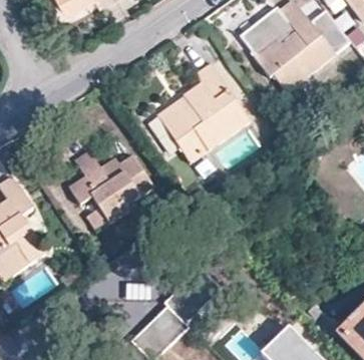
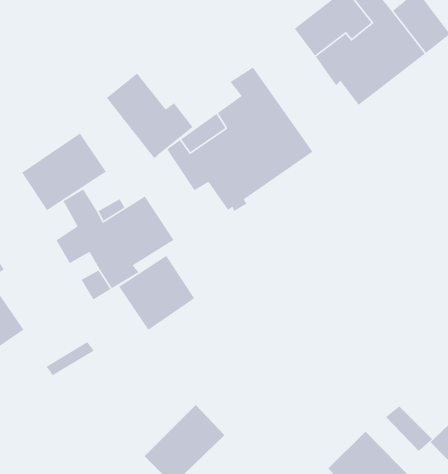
building: none -> [106,72,194,159]
building: none -> [21,133,107,211]
building: none -> [118,255,195,331]

